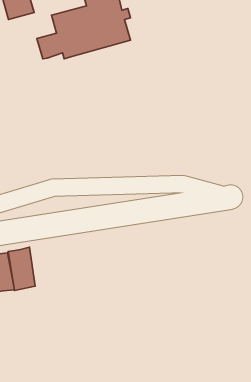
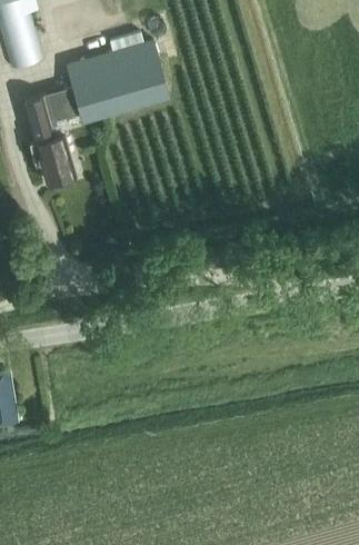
building: none -> [23,95,77,184]
building: [8,247,35,291] -> none

